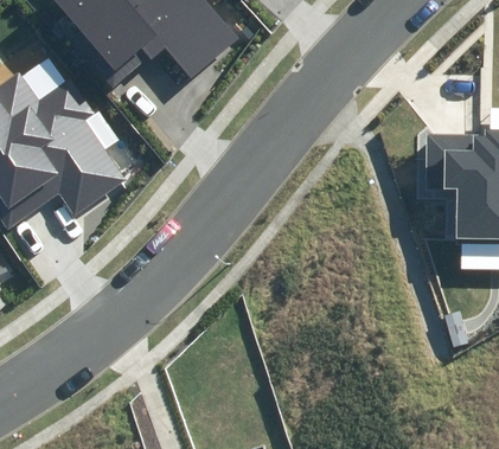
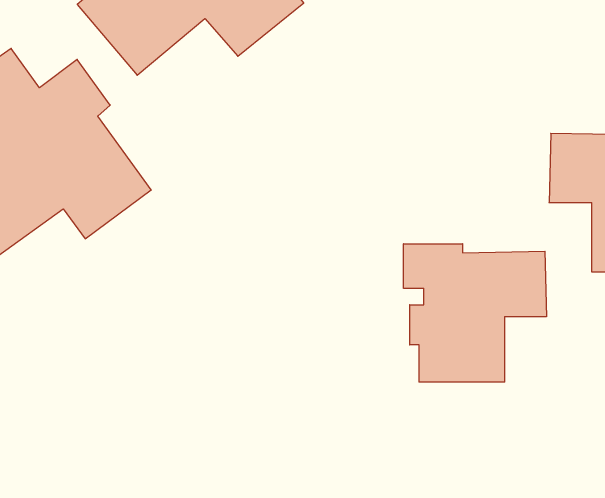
building: none -> [404,244,546,382]

